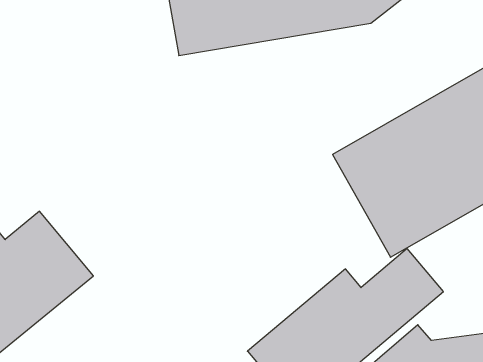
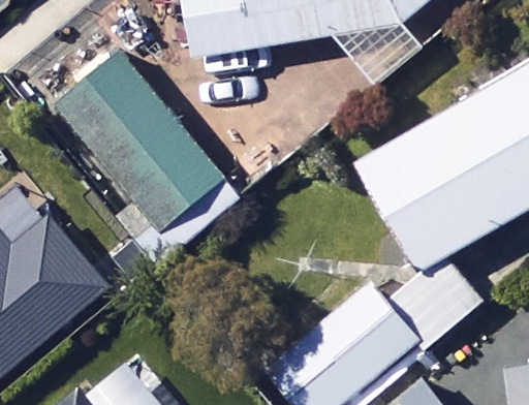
building: none -> [59,59,236,253]

